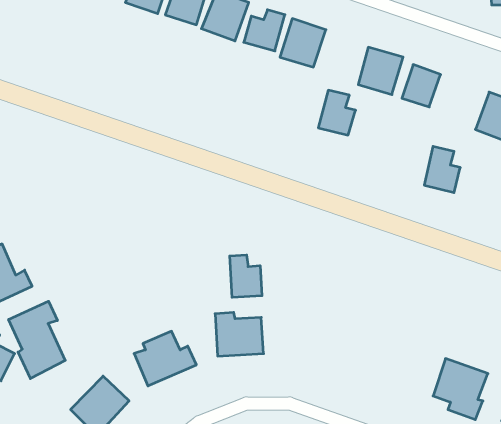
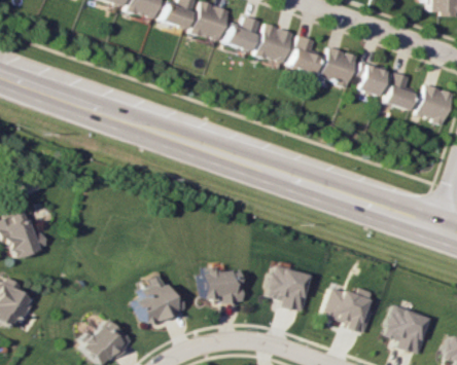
building: [318,90,356,135] -> [289,36,320,73]
building: [424,146,460,193] -> [386,72,416,110]
building: [230,255,262,297] -> none
building: [9,301,65,379] -> none
building: none -> [266,265,310,312]
building: none -> [321,287,371,334]

